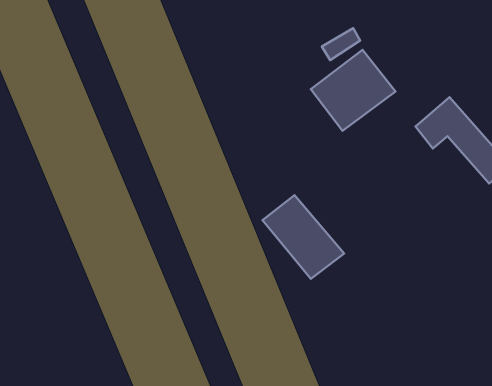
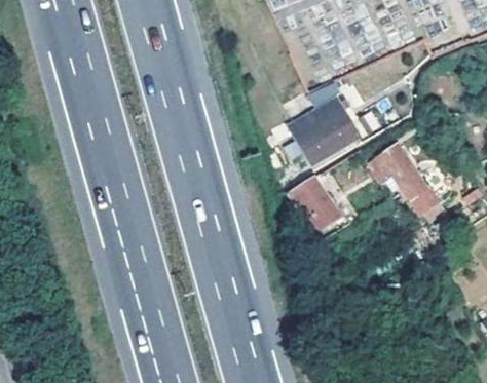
building: [263,195,344,279] -> [286,176,345,241]

